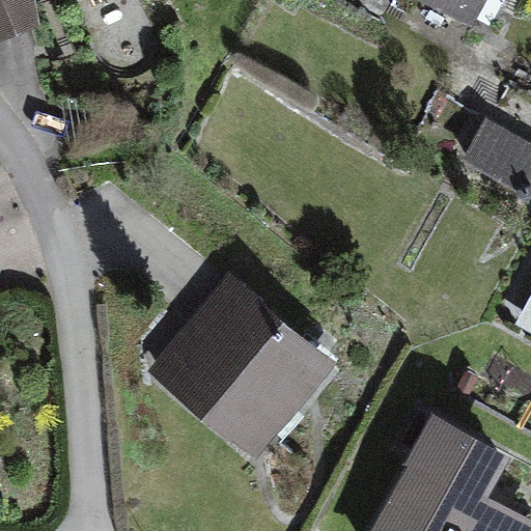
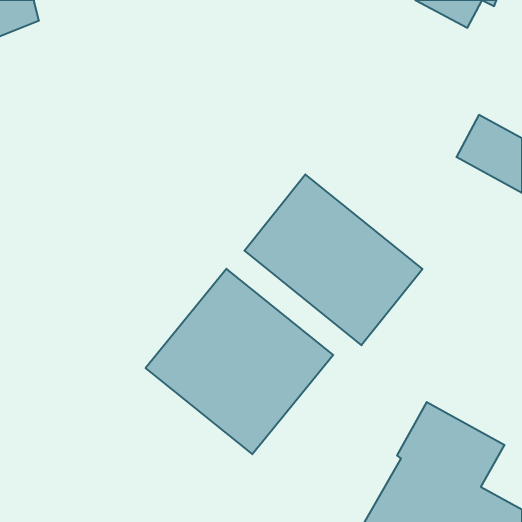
building: none -> [244,174,422,345]

